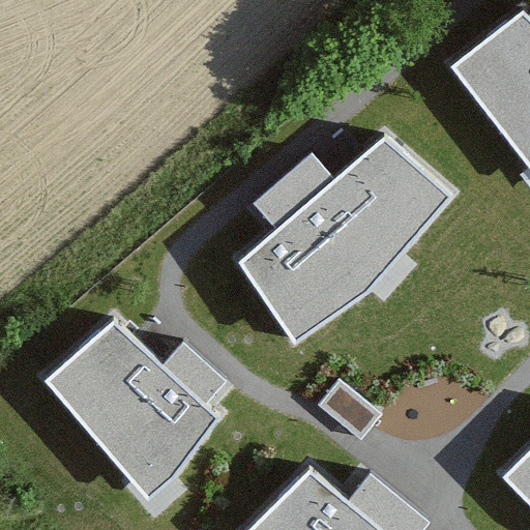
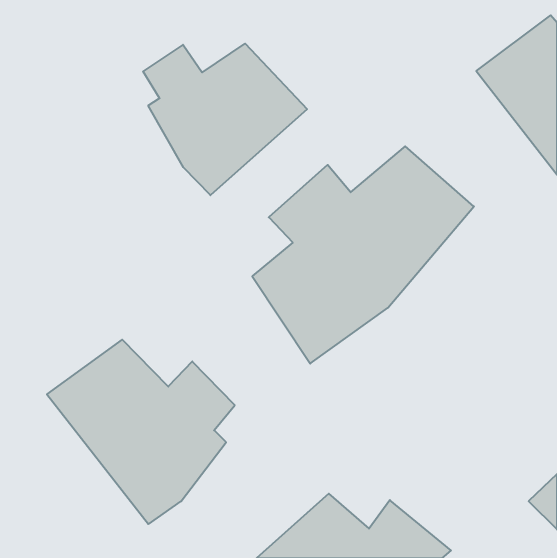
building: none -> [143,44,307,195]

